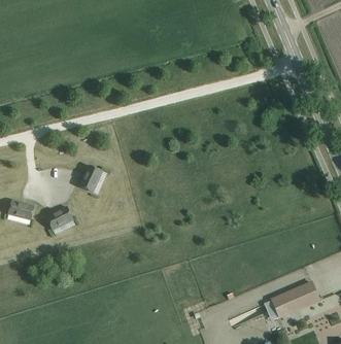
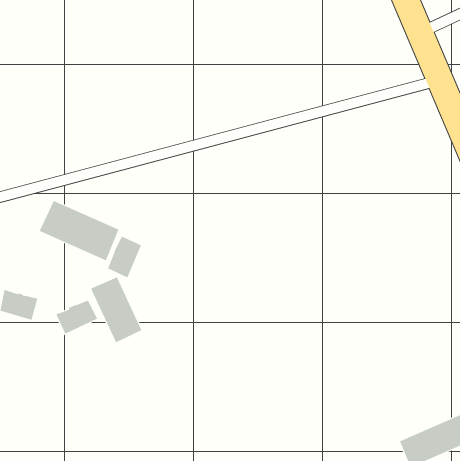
building: none -> [38,200,119,261]
building: none -> [90,277,142,343]

